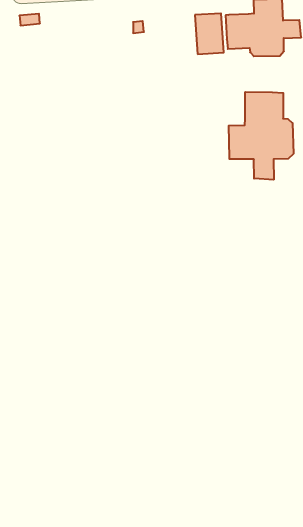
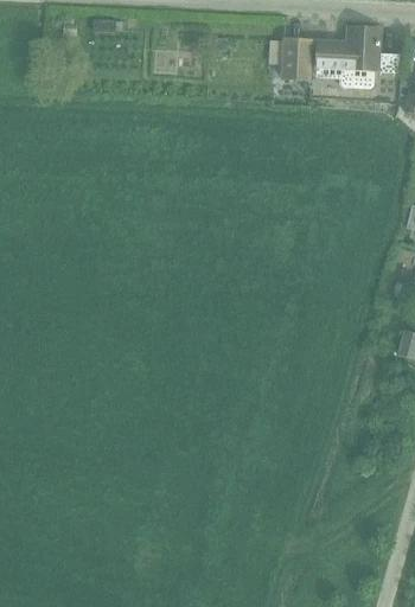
building: [229,92,293,180] -> none

